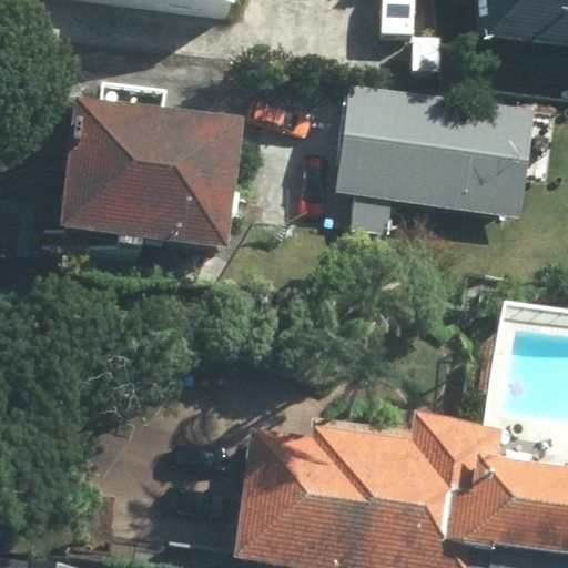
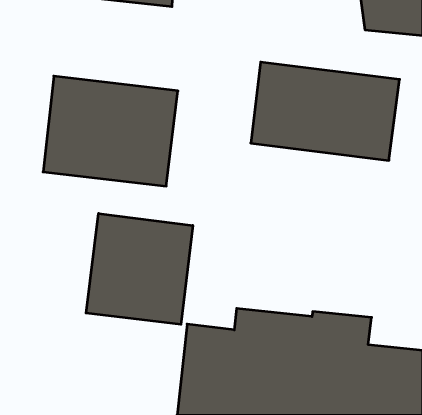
building: none -> [86,213,193,324]

